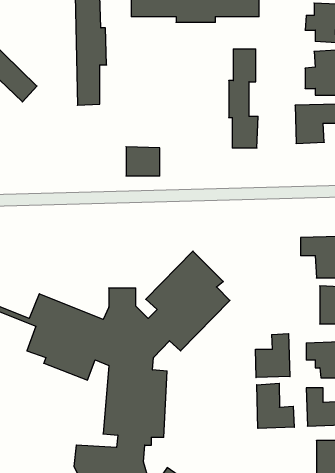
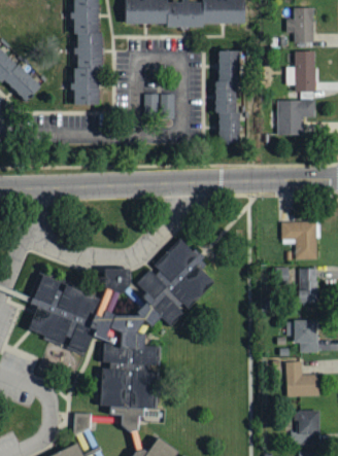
building: [126,147,160,176] -> [144,92,175,118]
building: [256,334,290,378] -> none
building: [257,383,294,428] -> none

